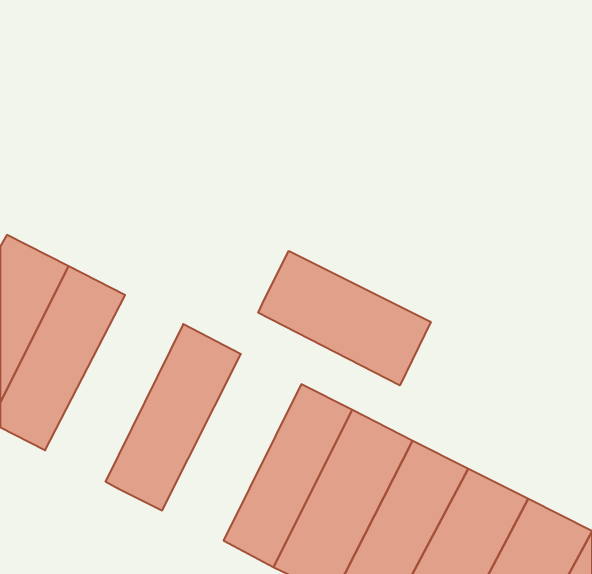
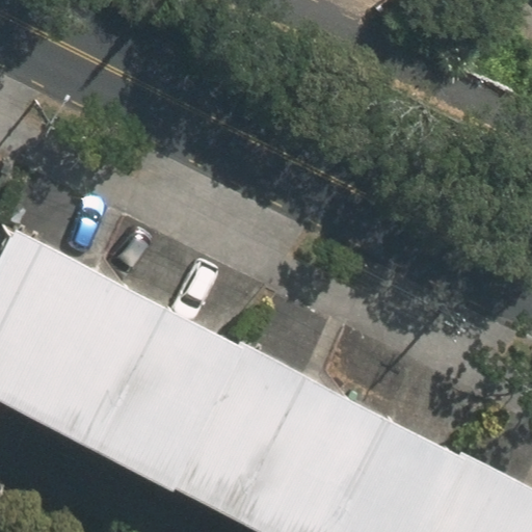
building: [258,251,431,385] -> none
building: none -> [41,281,164,448]
building: none -> [145,334,270,501]

